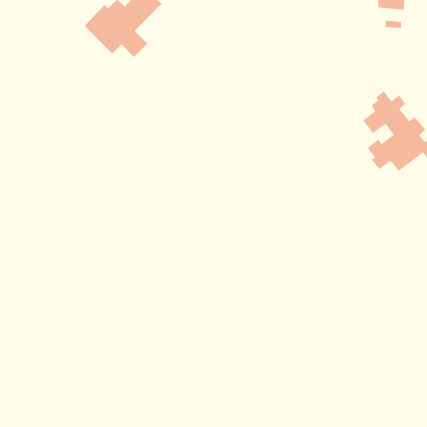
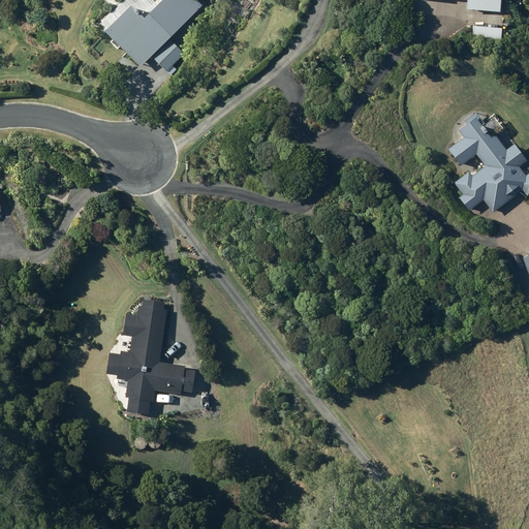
building: none -> [104,298,195,411]

